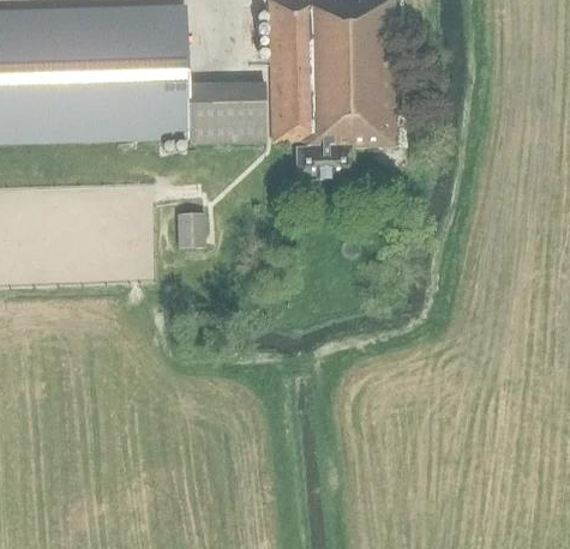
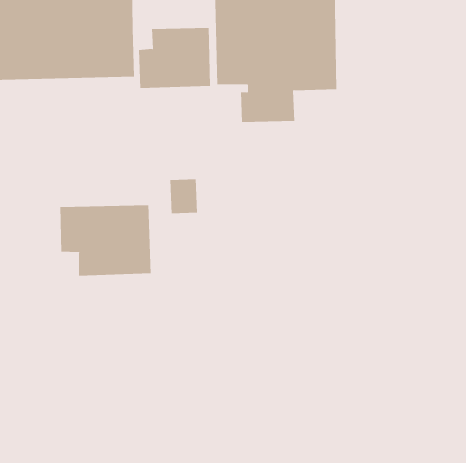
building: [176,211,205,247] -> [170,179,198,214]
building: none -> [60,204,151,276]

